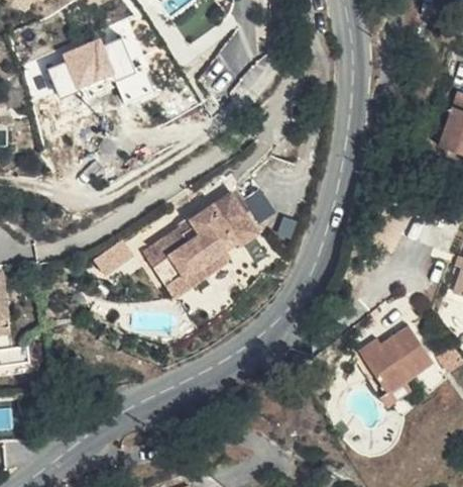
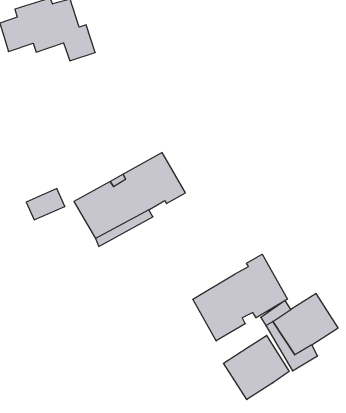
building: none -> [193,254,287,341]
building: none -> [223,335,289,400]

